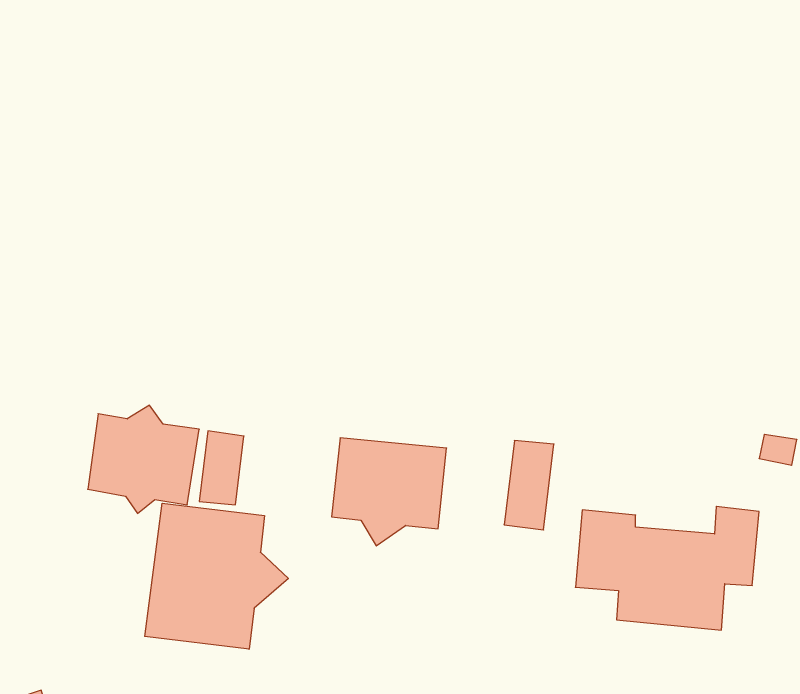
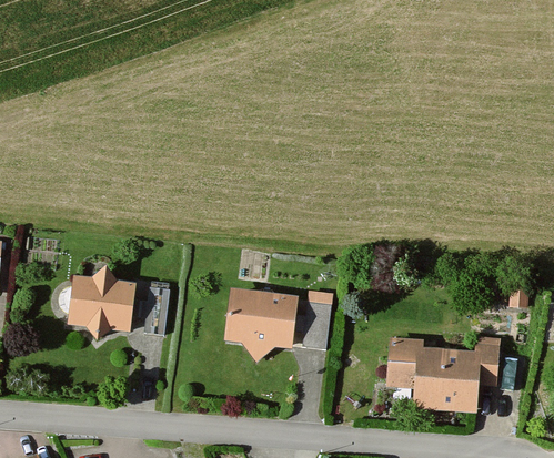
building: [504,441,554,530] -> [300,291,332,348]
building: [145,503,288,649] -> none

